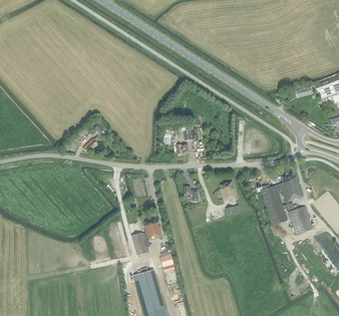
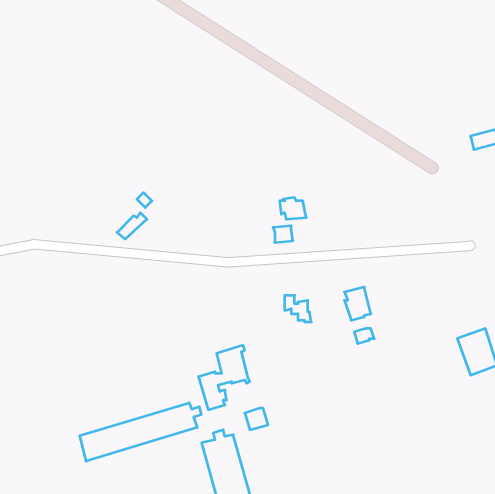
building: [260,172,302,225] -> none
building: none -> [80,403,201,461]

